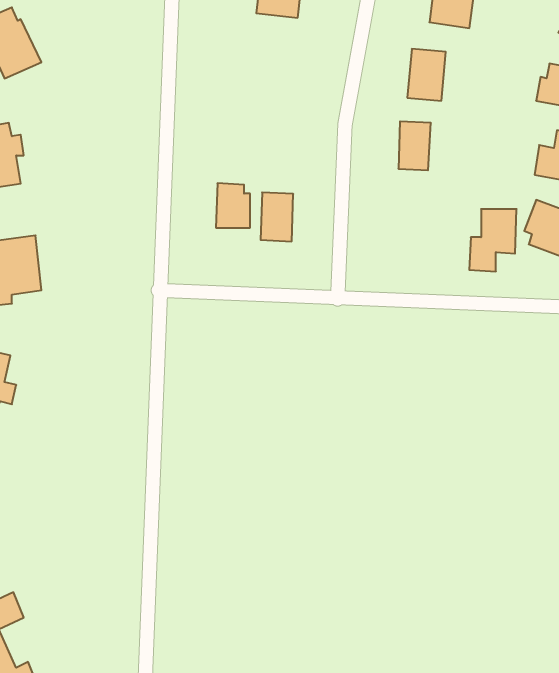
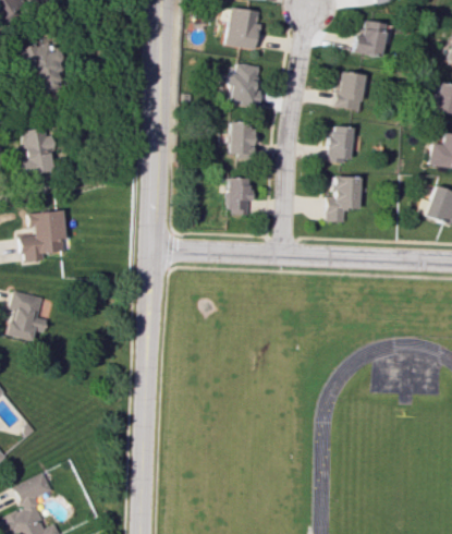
building: none -> [229,63,262,107]
building: [216,183,250,228] -> [230,121,255,154]
building: [469,209,517,271] -> [327,177,362,222]

